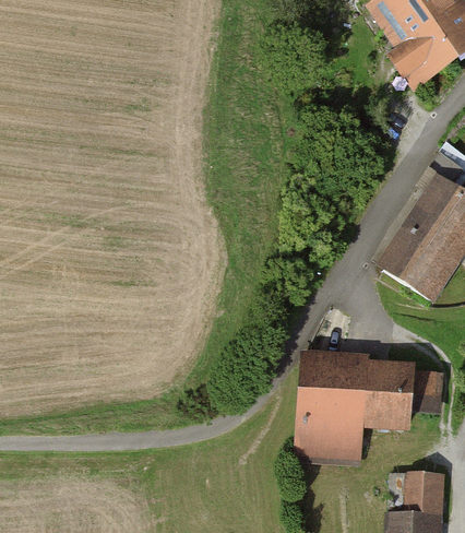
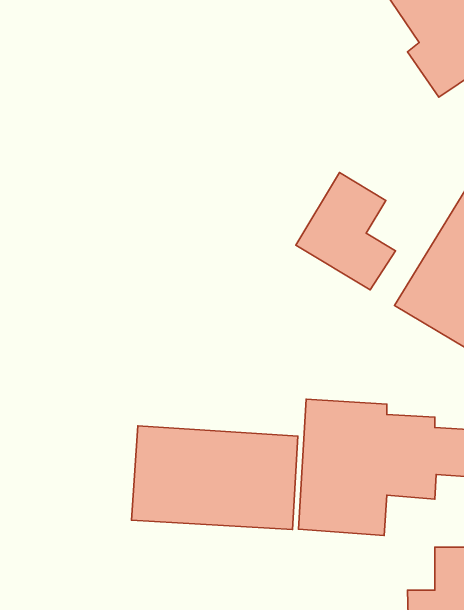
building: none -> [296,172,396,290]
building: none -> [132,426,298,529]

